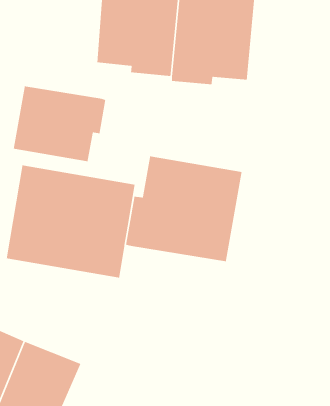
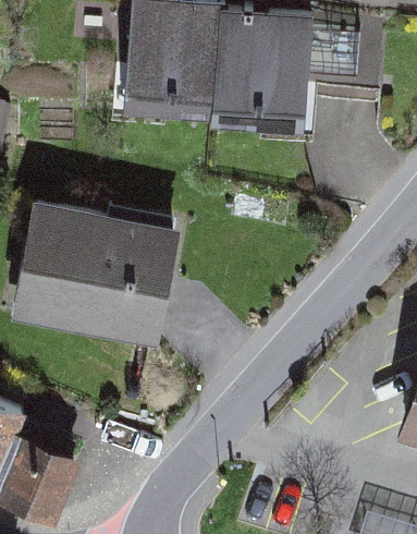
building: [13,85,106,162] -> none
building: [125,156,242,262] -> none

